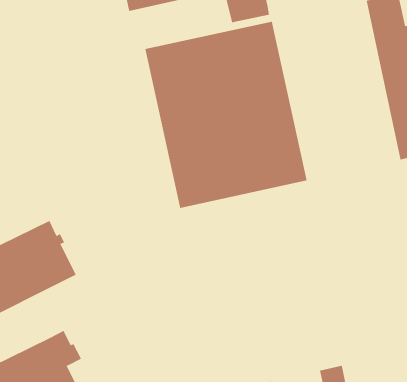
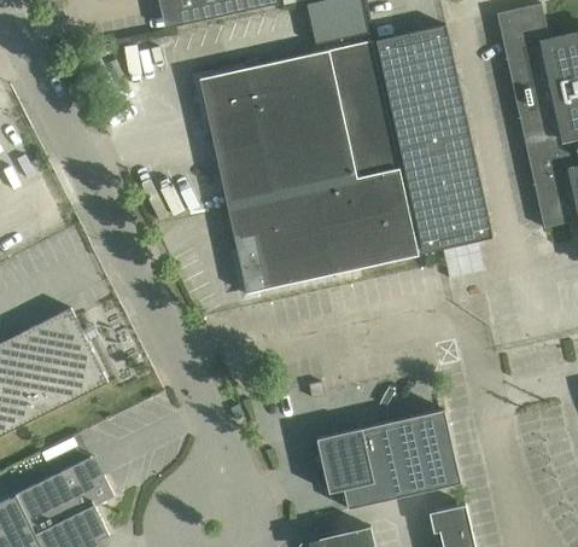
building: none -> [374,24,492,254]
building: none -> [316,409,461,510]

